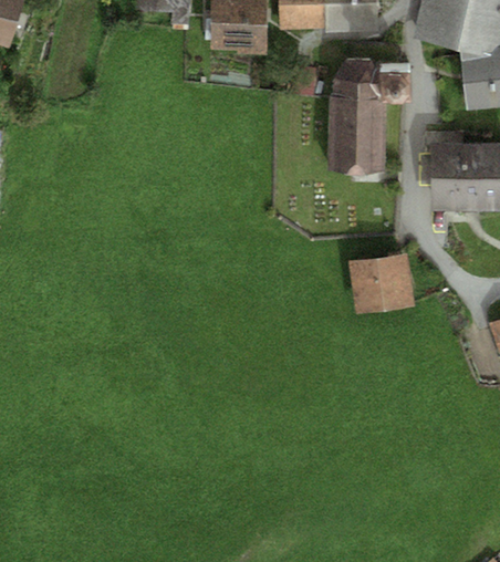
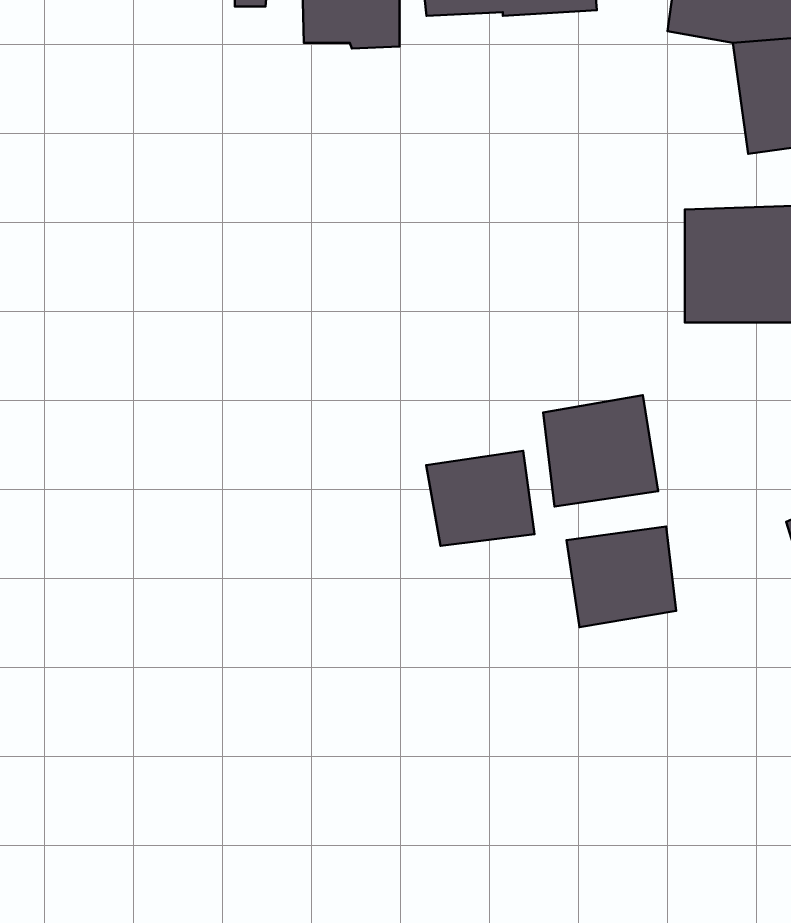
building: [327,52,412,166] -> none
building: none -> [426,451,534,546]
building: none -> [567,526,676,627]

